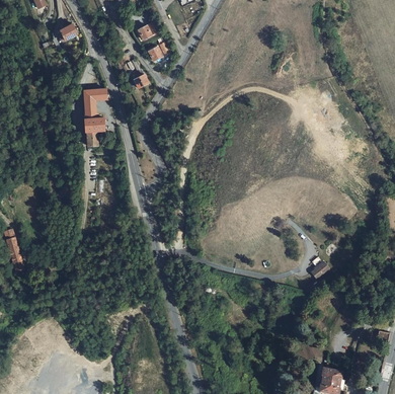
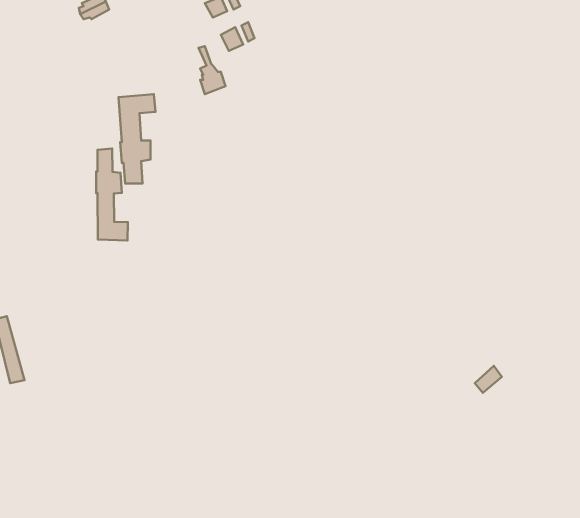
building: none -> [96,149,128,241]

